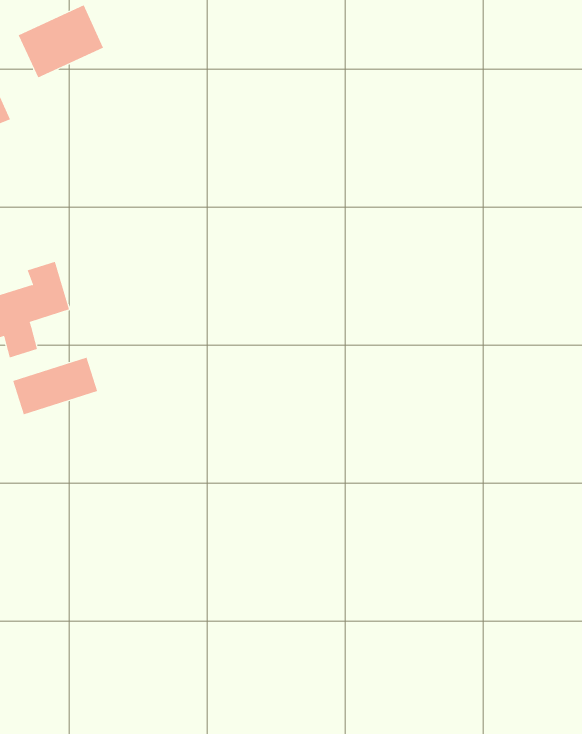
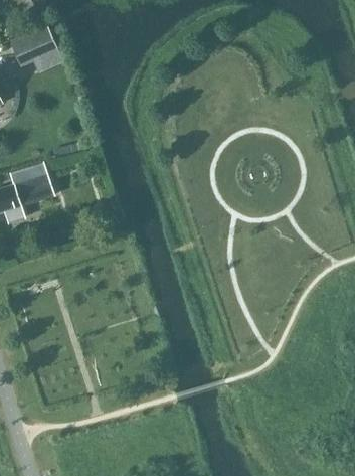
building: [13,357,98,415] -> none

